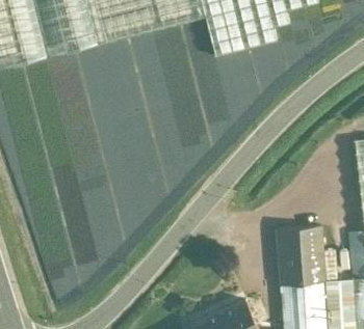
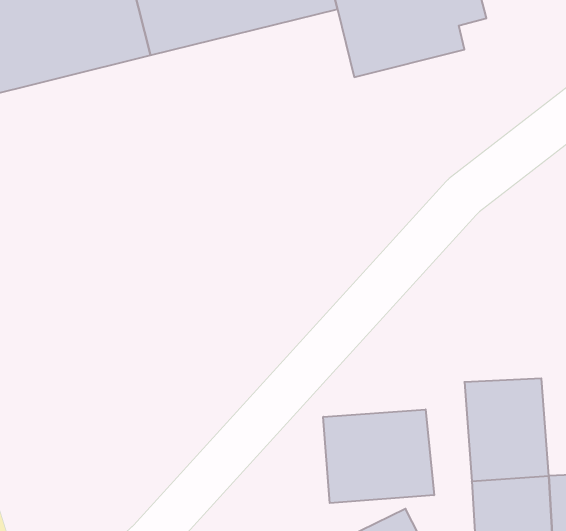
building: none -> [323,409,434,503]

